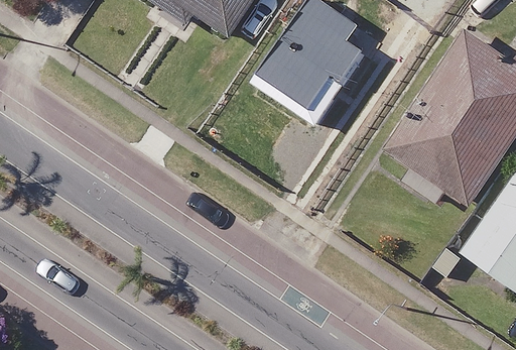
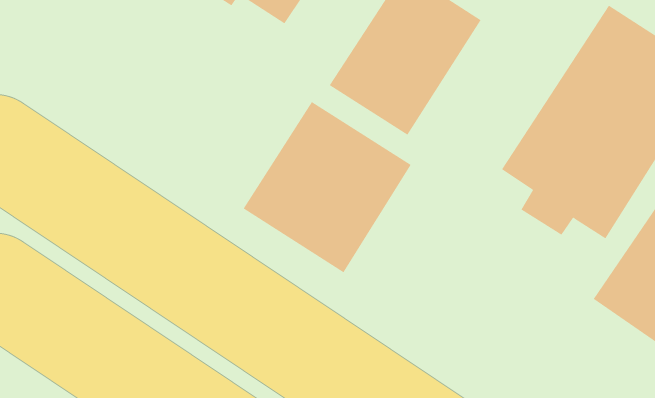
building: none -> [243,101,412,273]

